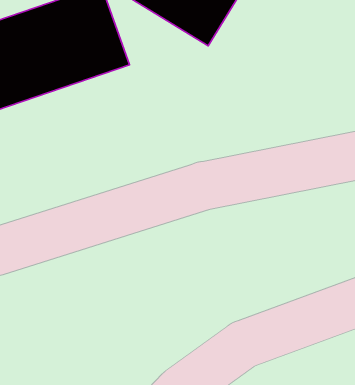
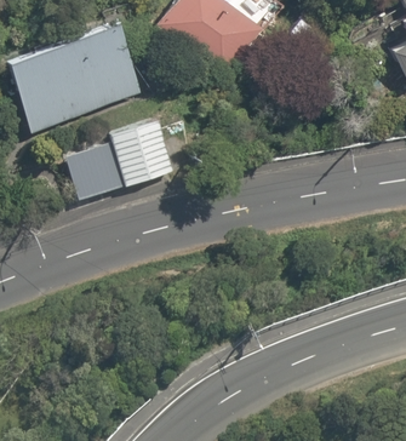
building: none -> [59,110,182,207]

